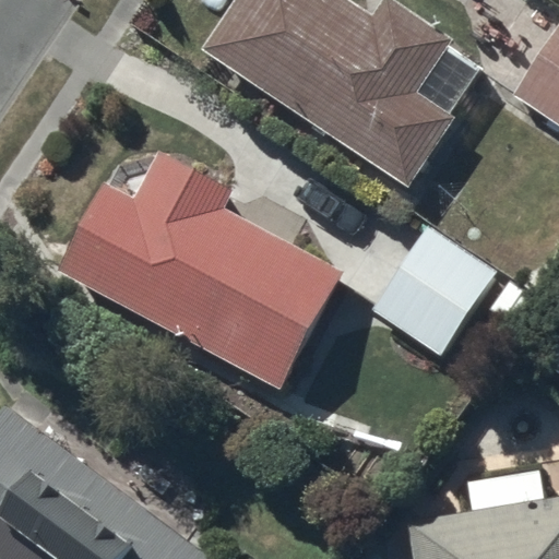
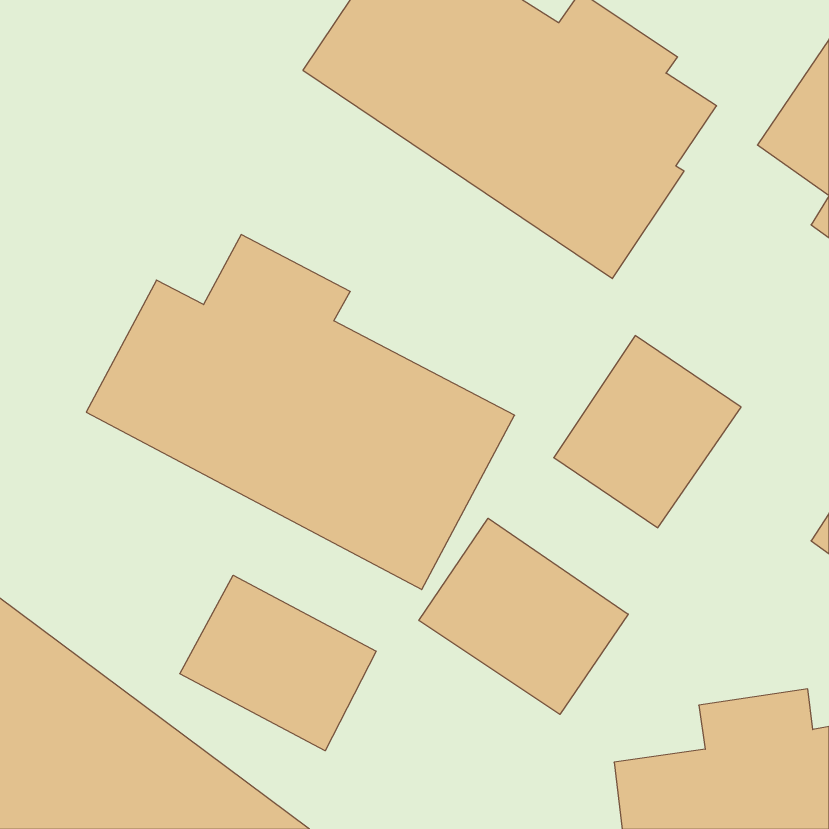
building: none -> [419,518,628,714]
building: none -> [180,575,376,751]

